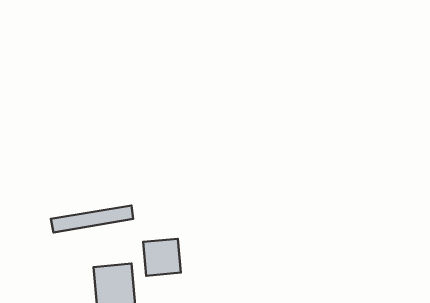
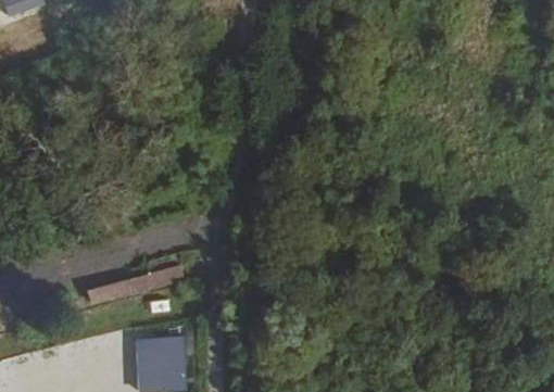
building: [143,239,181,276] -> none

